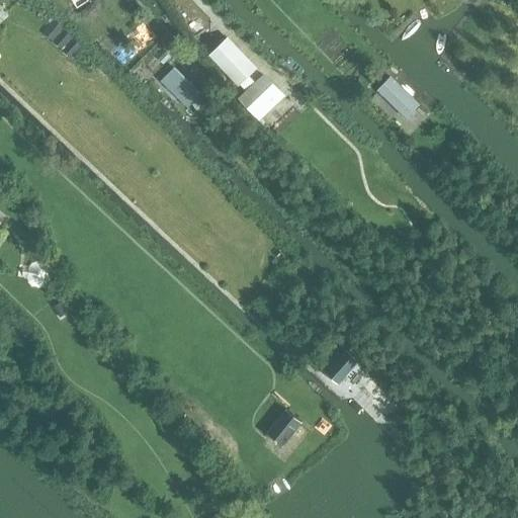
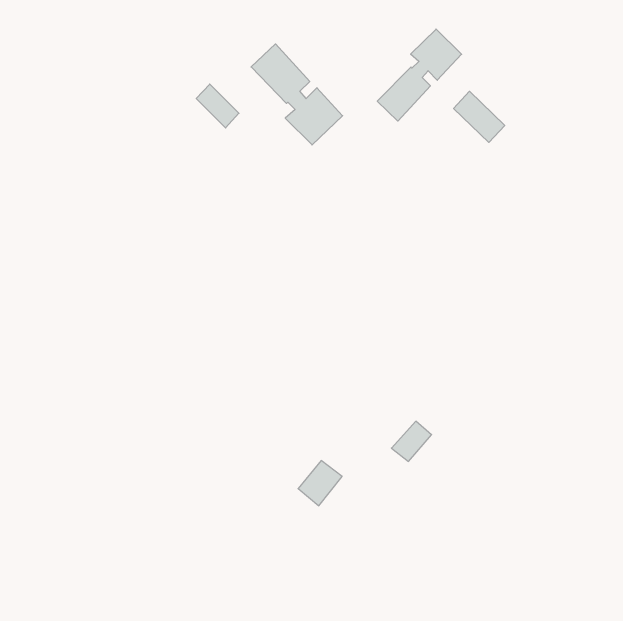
building: none -> [377,29,462,121]
building: [266,410,303,447] -> [298,461,342,506]

